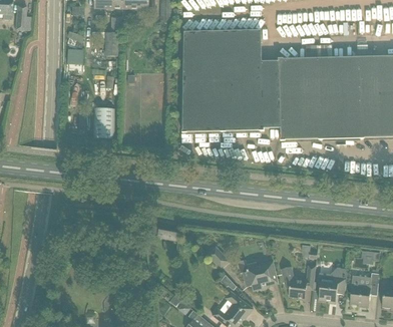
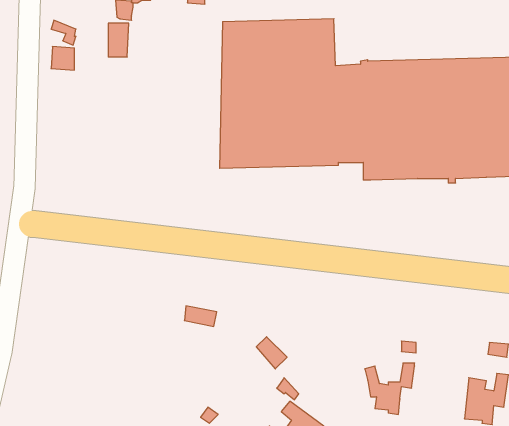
building: [92,107,112,138] -> none
building: [242,261,278,291] -> none
building: [318,268,347,303] -> none

